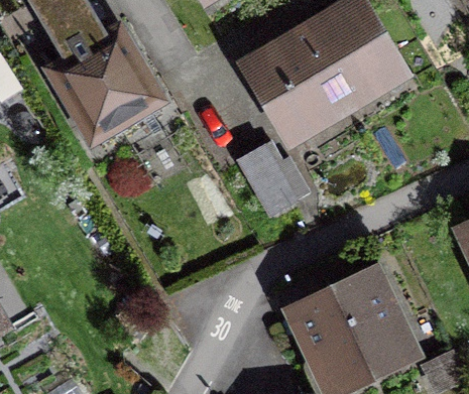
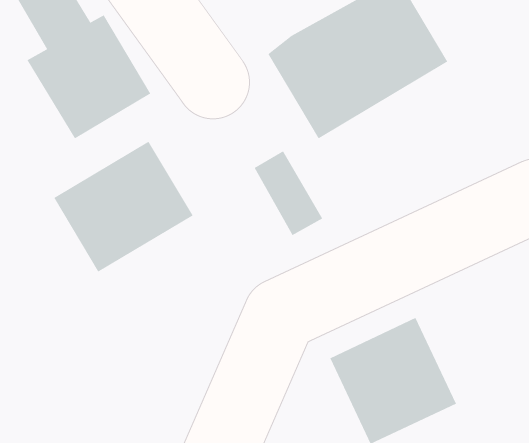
building: none -> [53,141,193,273]

